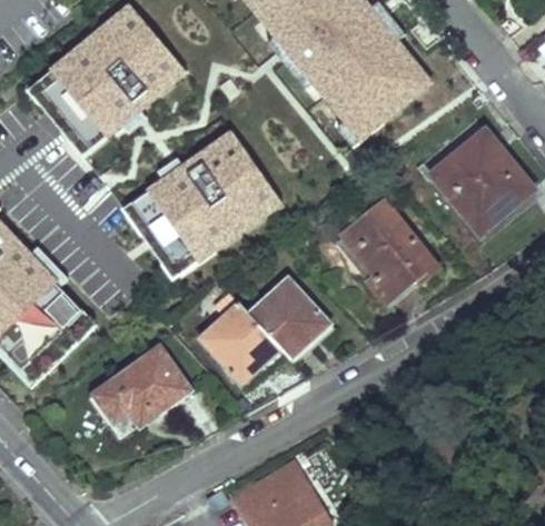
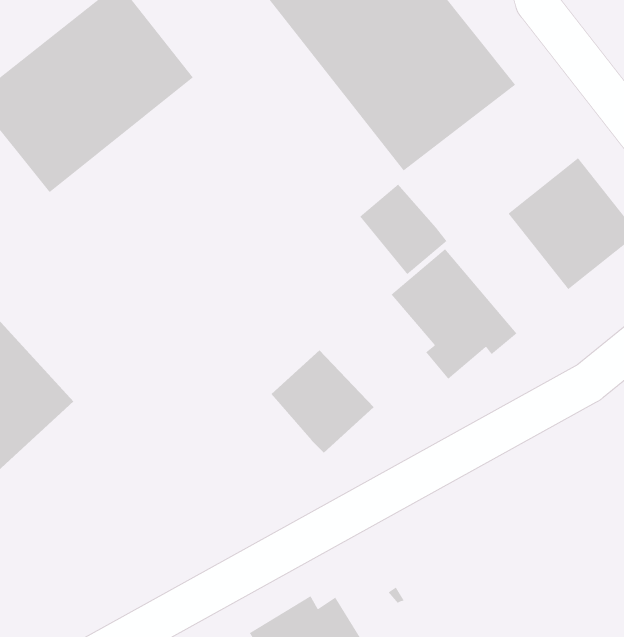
building: [117,125,286,278] -> none
building: none -> [359,183,447,275]
building: [200,302,280,384] -> none
building: [95,347,191,426] -> none

